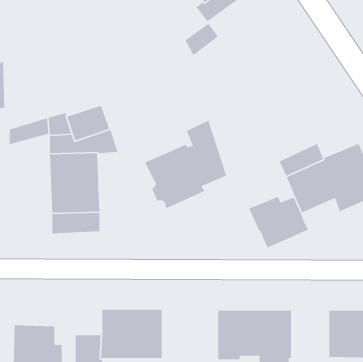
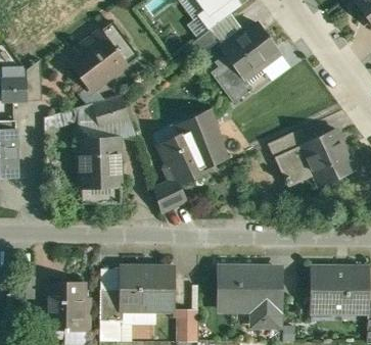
building: none -> [213,23,282,102]
building: none -> [68,30,126,91]
building: [248,196,309,248] -> none
building: none -> [153,179,184,211]

